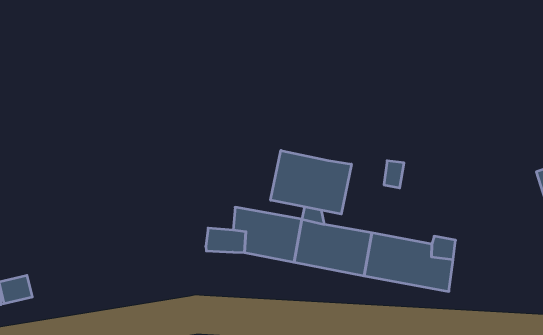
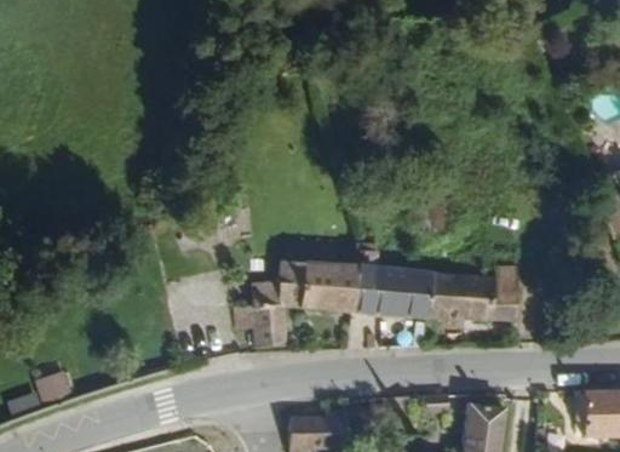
building: [271,150,351,214] -> none
building: none -> [235,307,287,348]

